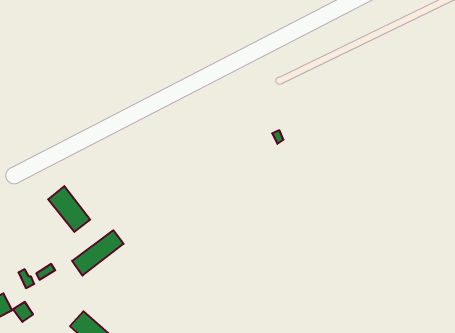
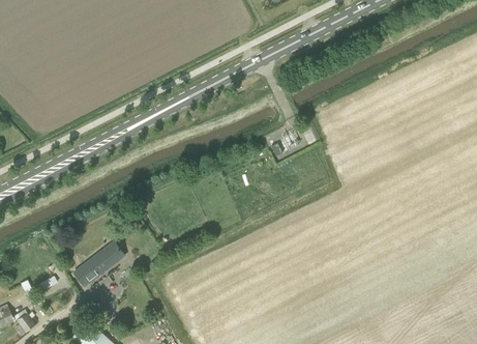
building: [48,186,90,232] -> none

